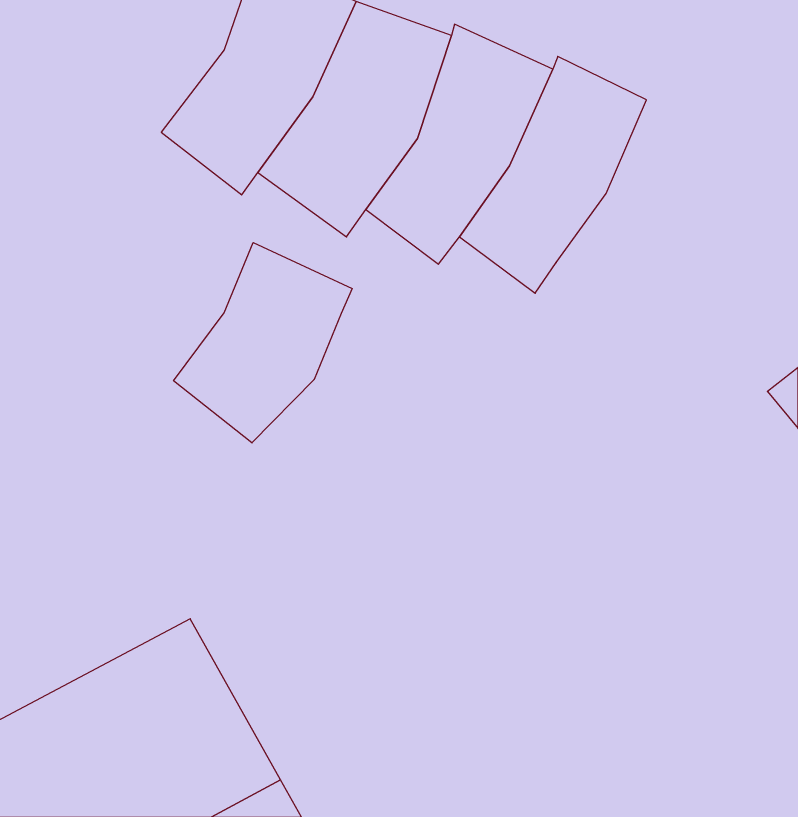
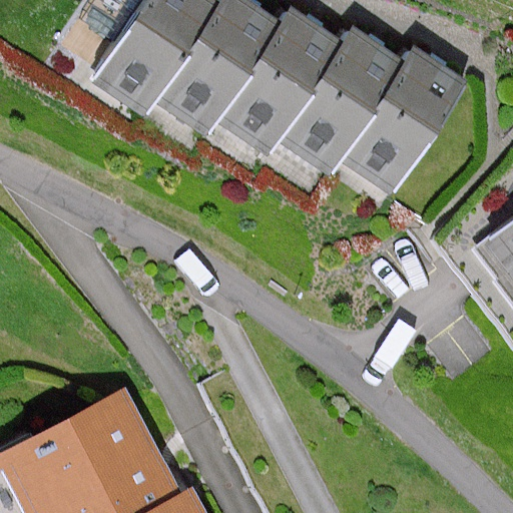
building: none -> [346,50,468,199]
building: [174,243,352,443] -> none

